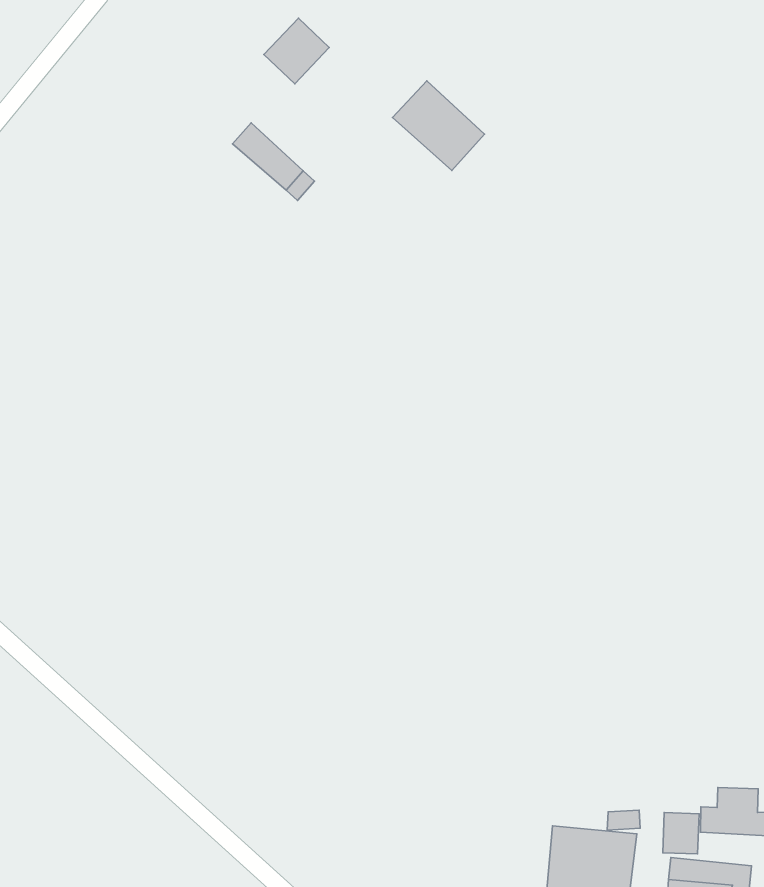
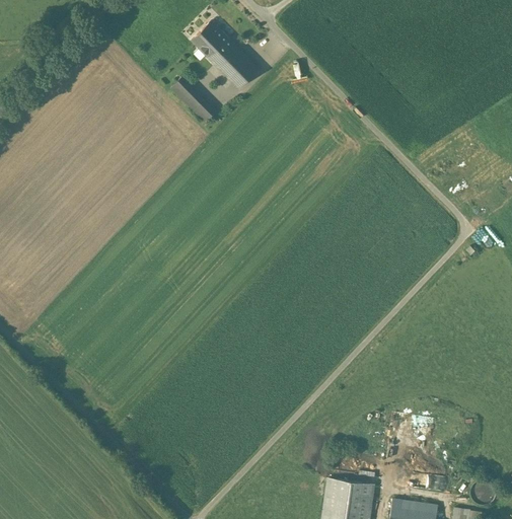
building: [392,81,484,171] -> [207,38,258,88]
building: [663,813,699,854] -> none

